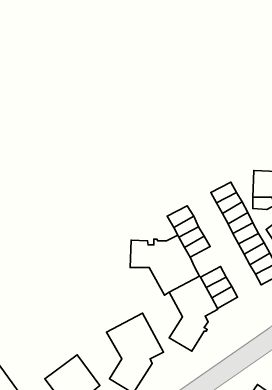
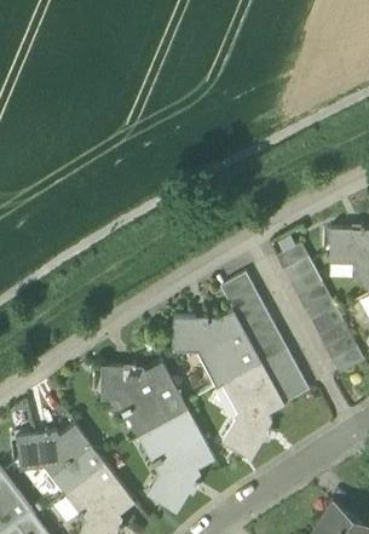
building: none -> [249,326,288,364]
building: none -> [100,362,189,435]
building: none -> [16,424,105,494]

